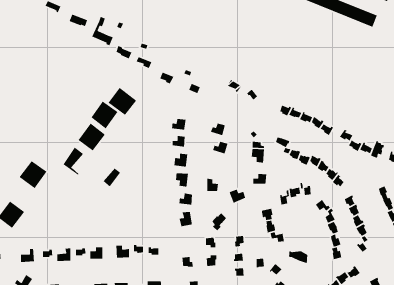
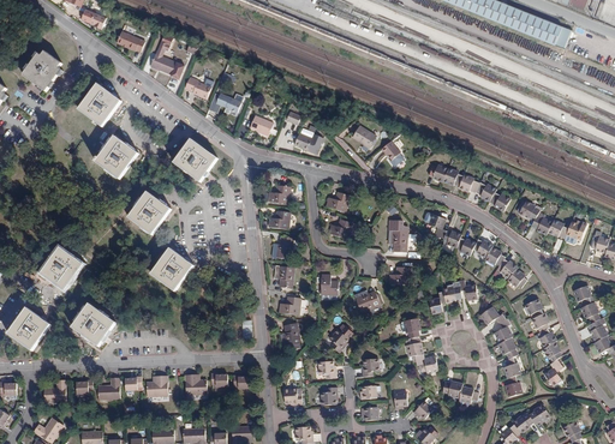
building: none -> [22,50,62,91]
building: none -> [78,83,121,126]
building: [90,100,119,129] -> [96,136,138,179]
building: [63,147,84,176] -> [151,247,184,290]
building: none -> [72,302,115,346]

